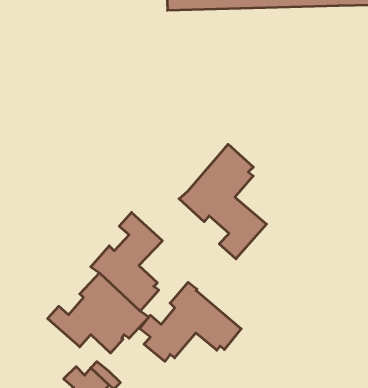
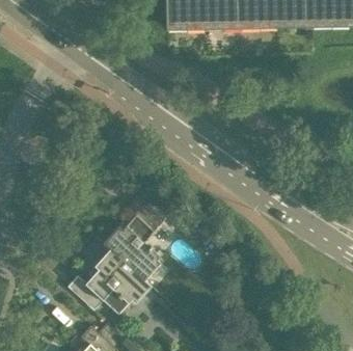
building: [179,144,267,259] -> none
building: [140,282,241,361] -> none

